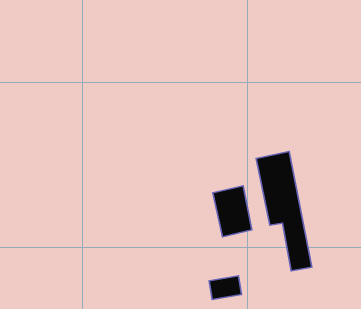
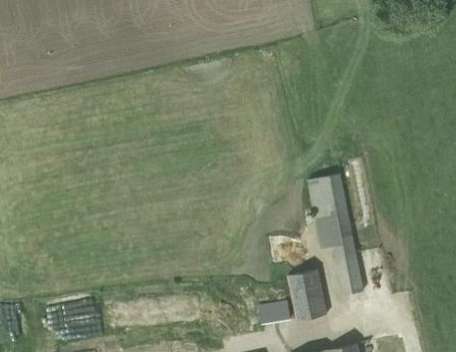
building: [213,186,252,237] -> [286,270,326,322]

